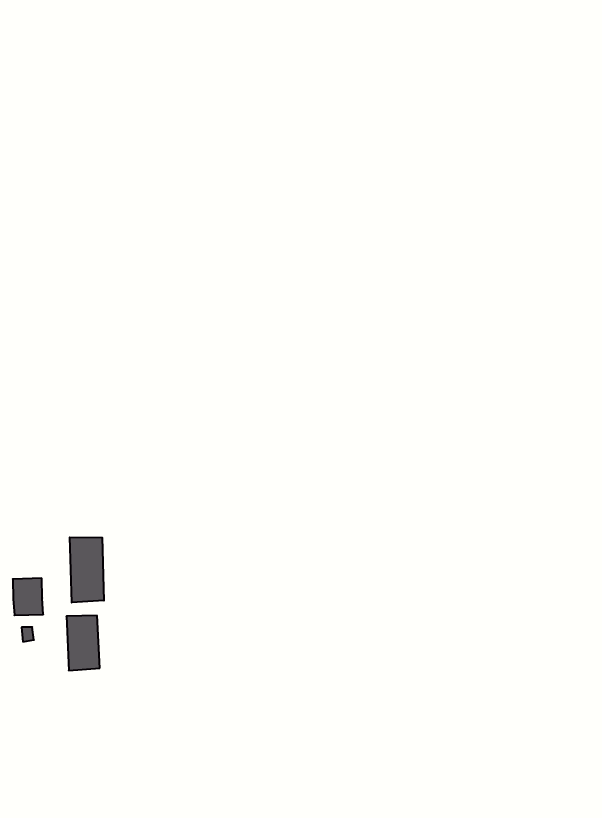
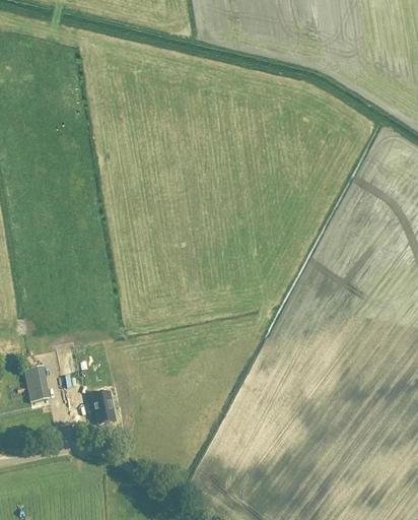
building: [70,537,104,603] -> none

